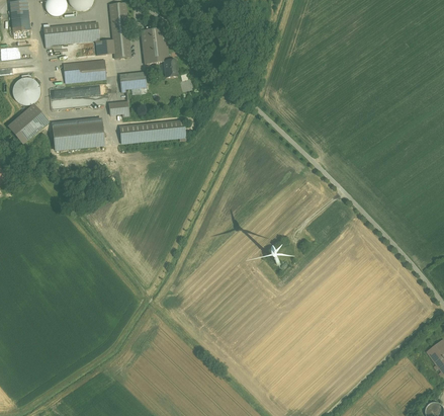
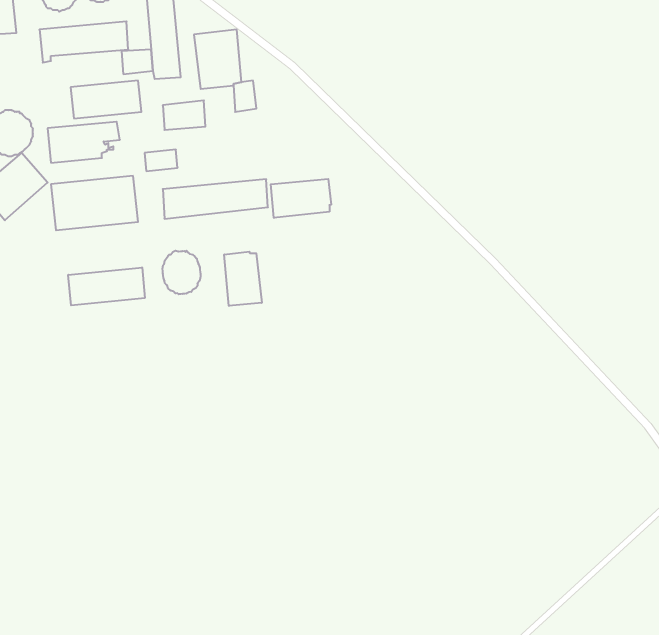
building: none -> [271,179,331,218]
building: none -> [162,251,201,294]
building: none -> [224,252,262,306]
building: none -> [68,267,145,305]

